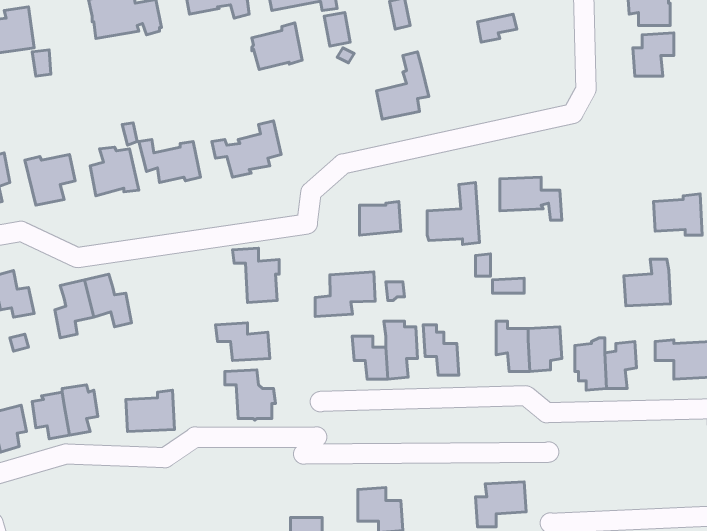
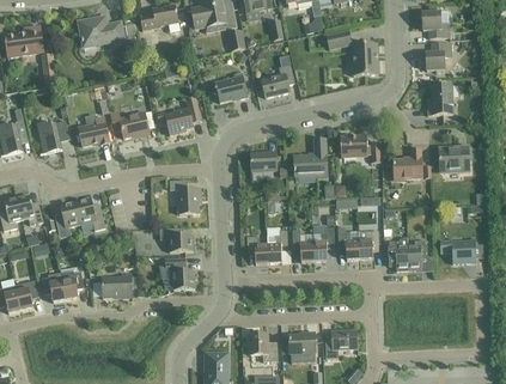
building: [252,23,302,70] -> [214,72,246,102]
building: none -> [350,42,377,75]
building: none -> [426,84,452,115]
building: [624,259,671,306] -> [392,148,422,178]
building: [315,272,375,316] -> none
building: none -> [312,227,334,261]
building: none -> [288,331,315,354]

